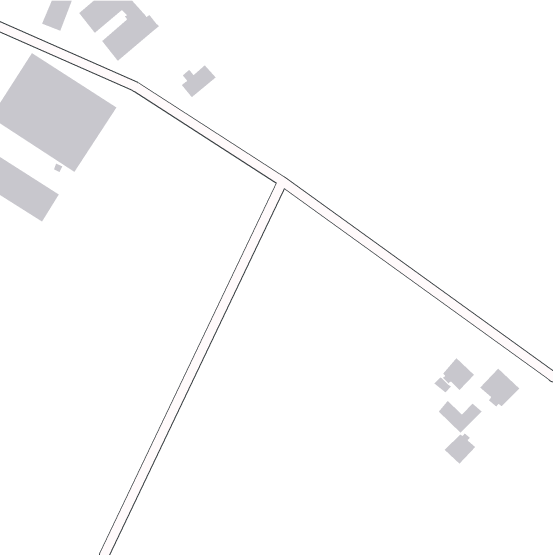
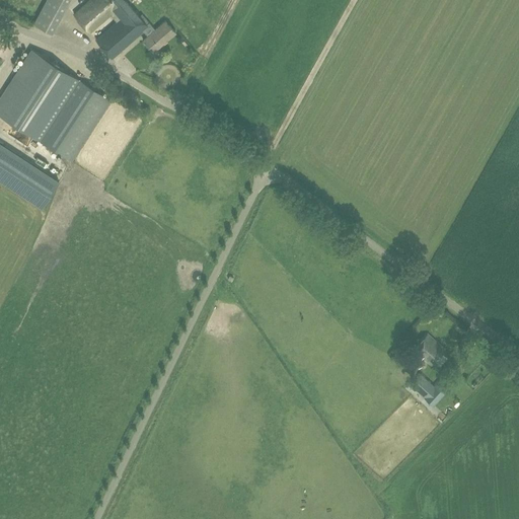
building: [181,65,217,98] -> [141,20,174,52]
building: [479,368,520,408] -> none
building: [444,433,476,464] -> none

